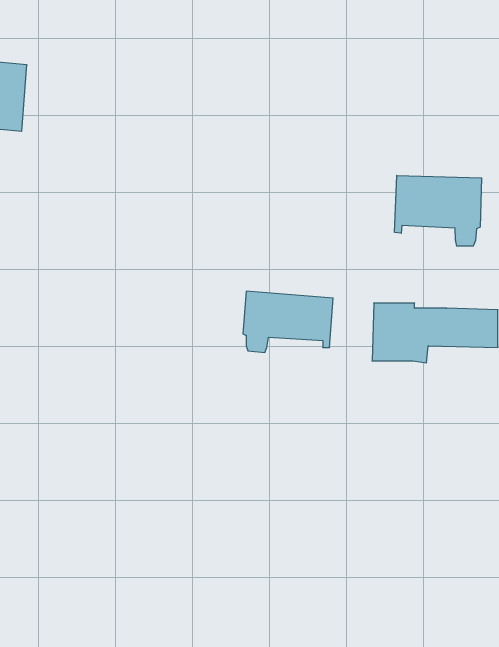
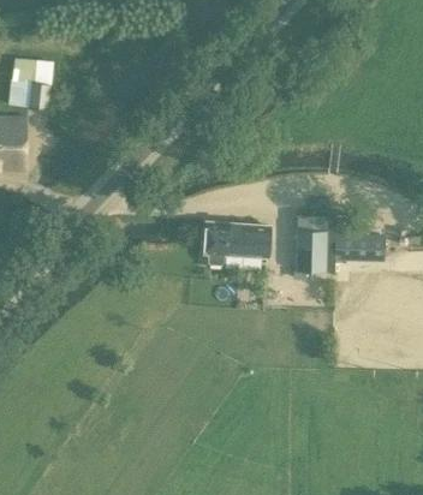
building: [395,175,482,246] -> none

